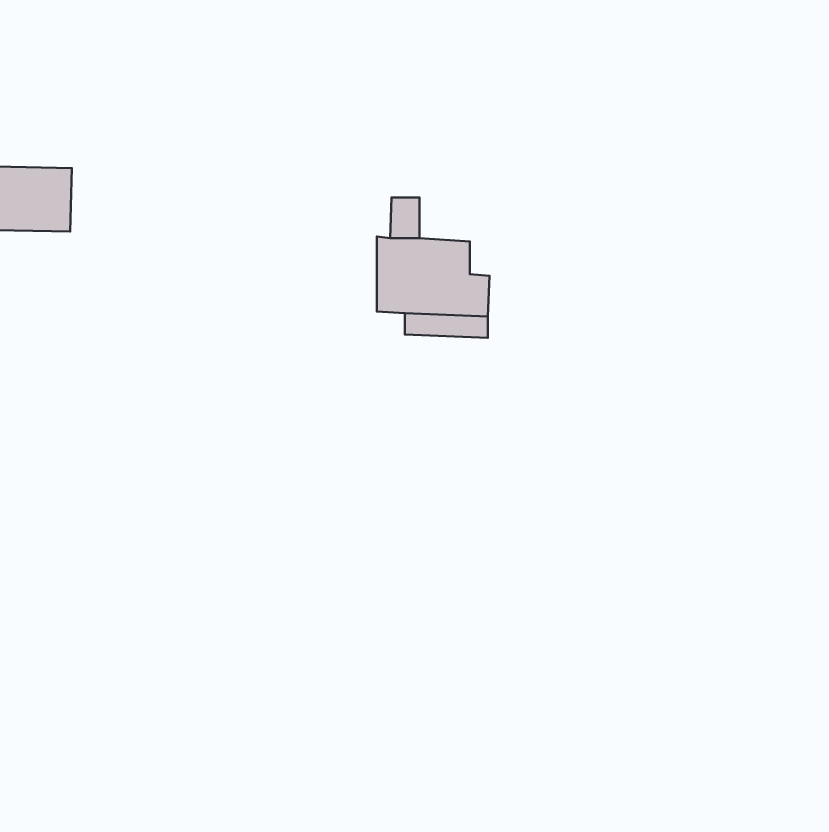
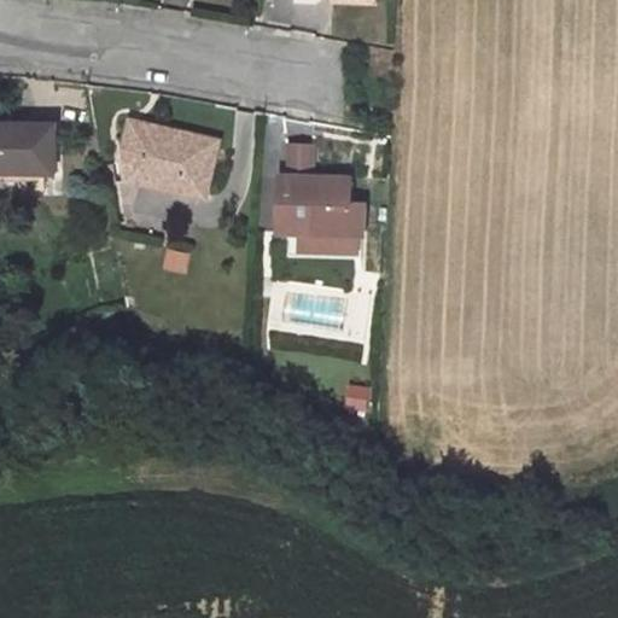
building: none -> [123,121,215,194]

